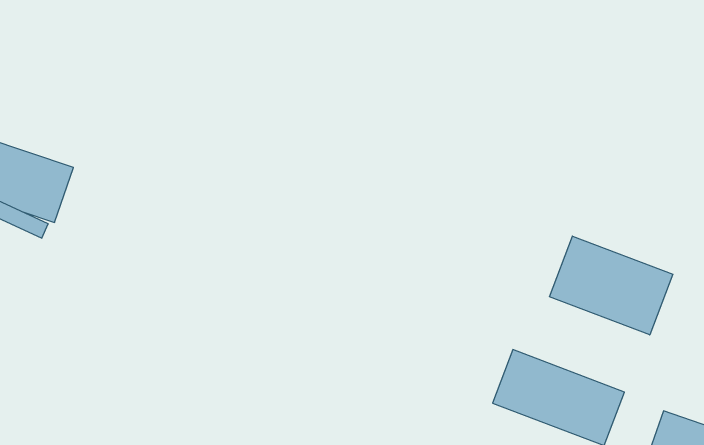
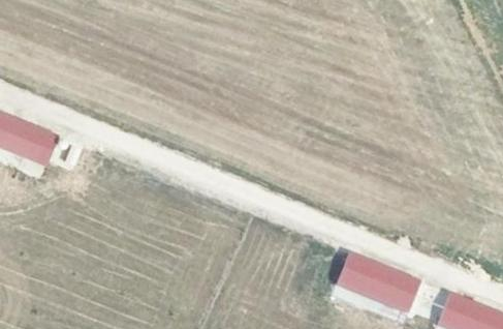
building: [549,236,673,335] -> none

